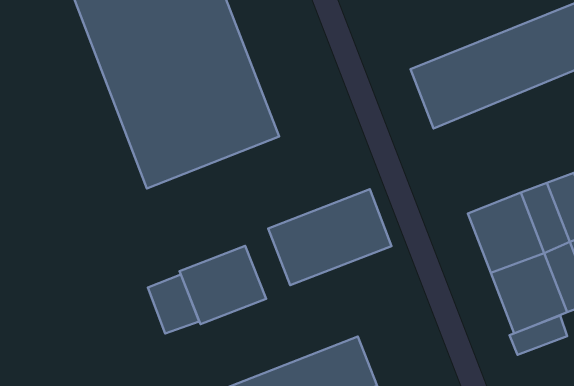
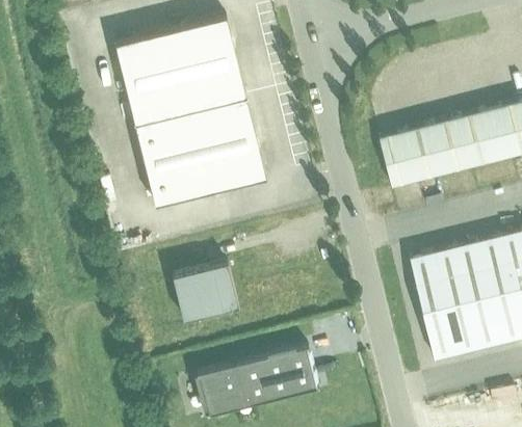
building: [268,189,392,285] -> none
building: [148,275,199,334] -> none
building: [510,316,567,355] -> none

